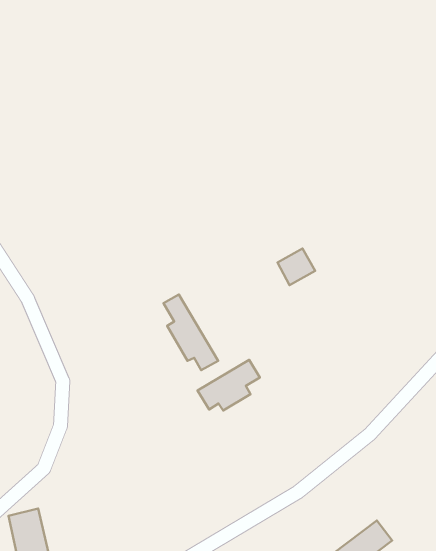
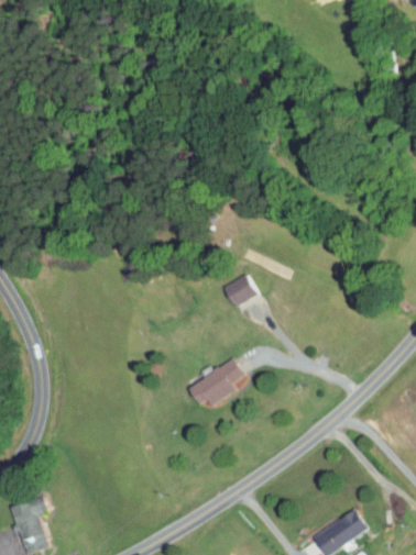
building: [278,248,315,285] -> [223,274,259,308]
building: [163,294,218,370] -> none

